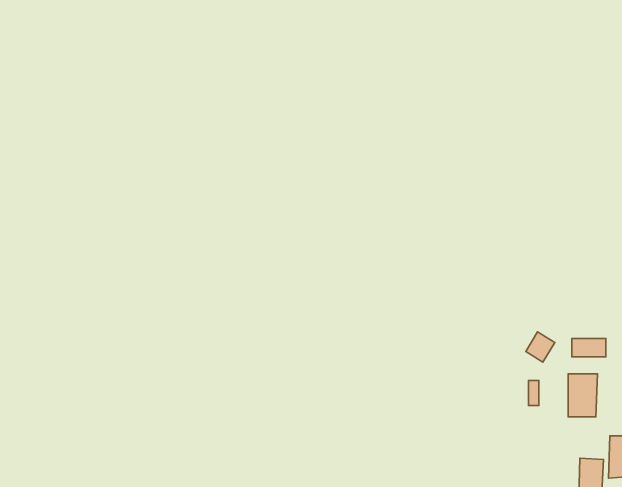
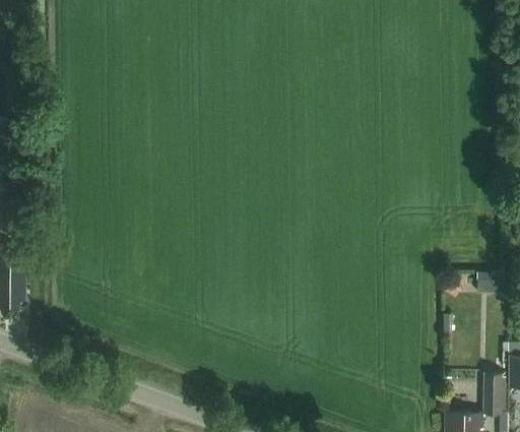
building: [568,374,597,417] -> none

